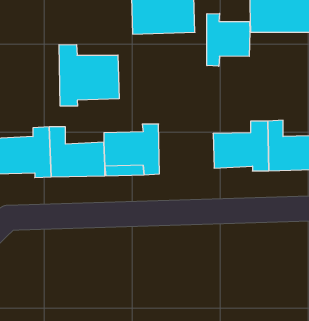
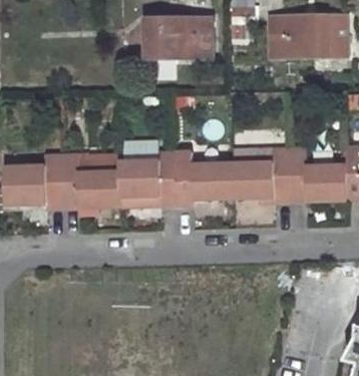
building: [207,13,250,66] -> none
building: [59,45,119,106] -> none
building: none -> [172,152,231,205]

